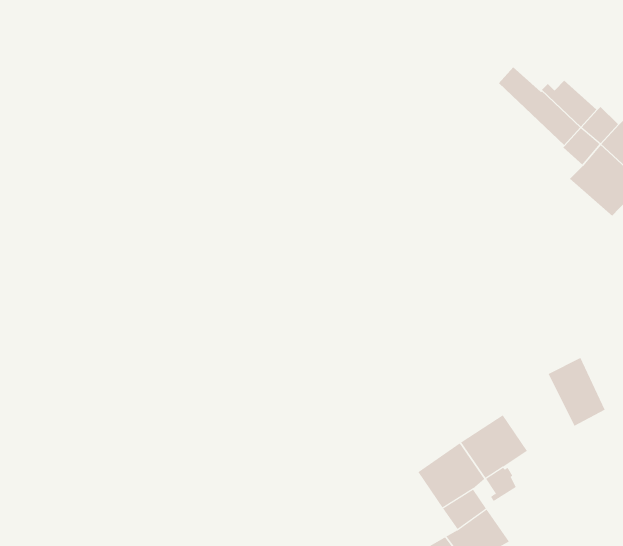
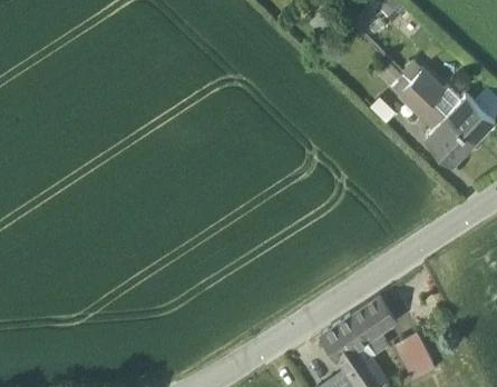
building: [548,357,606,426] -> [397,333,436,379]

